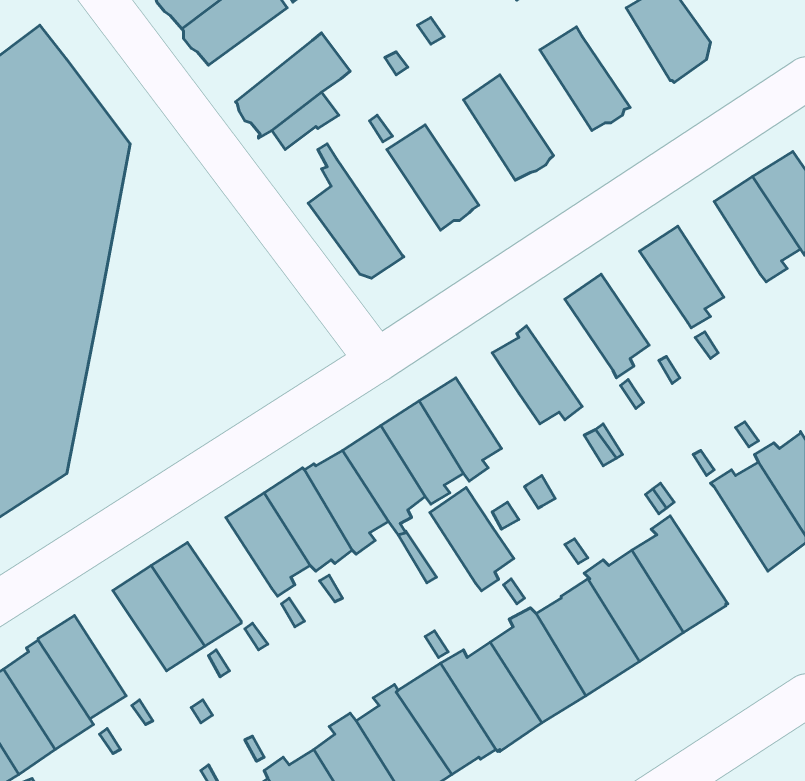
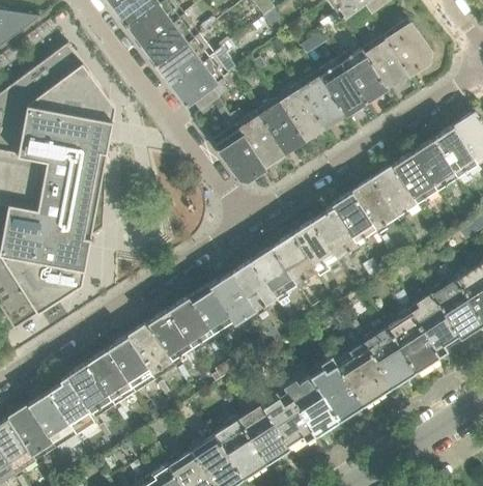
building: none -> [159,34,215,85]
building: none -> [361,34,408,88]
building: none -> [316,57,366,114]
building: none -> [276,84,324,141]
building: none -> [228,111,284,168]
building: none -> [413,139,457,195]
building: none -> [371,166,418,221]
building: none -> [331,192,377,250]
building: none -> [408,293,461,356]
building: [430,487,514,591] -> [292,221,338,277]
building: none -> [147,310,193,366]
building: none -> [86,349,136,406]

